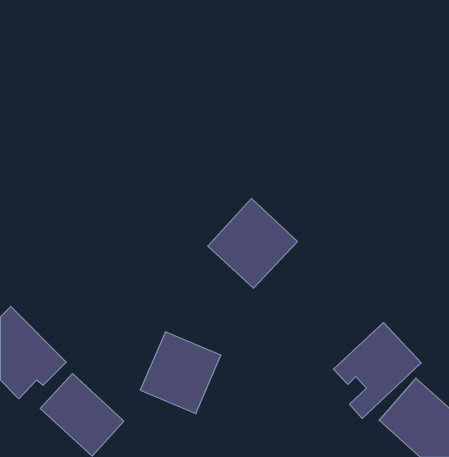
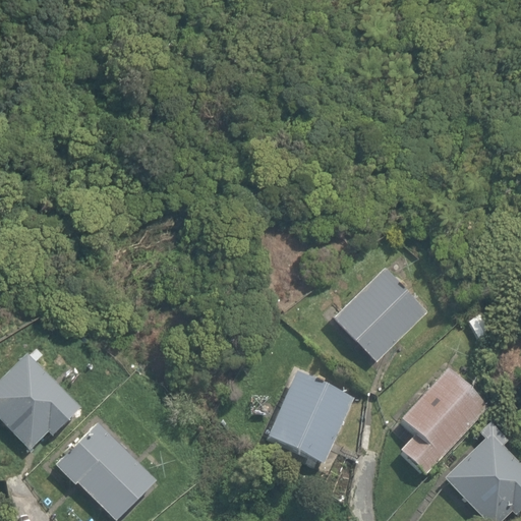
building: [208,199,297,288] -> [330,260,431,362]
building: [140,332,221,414] -> [265,370,356,463]

